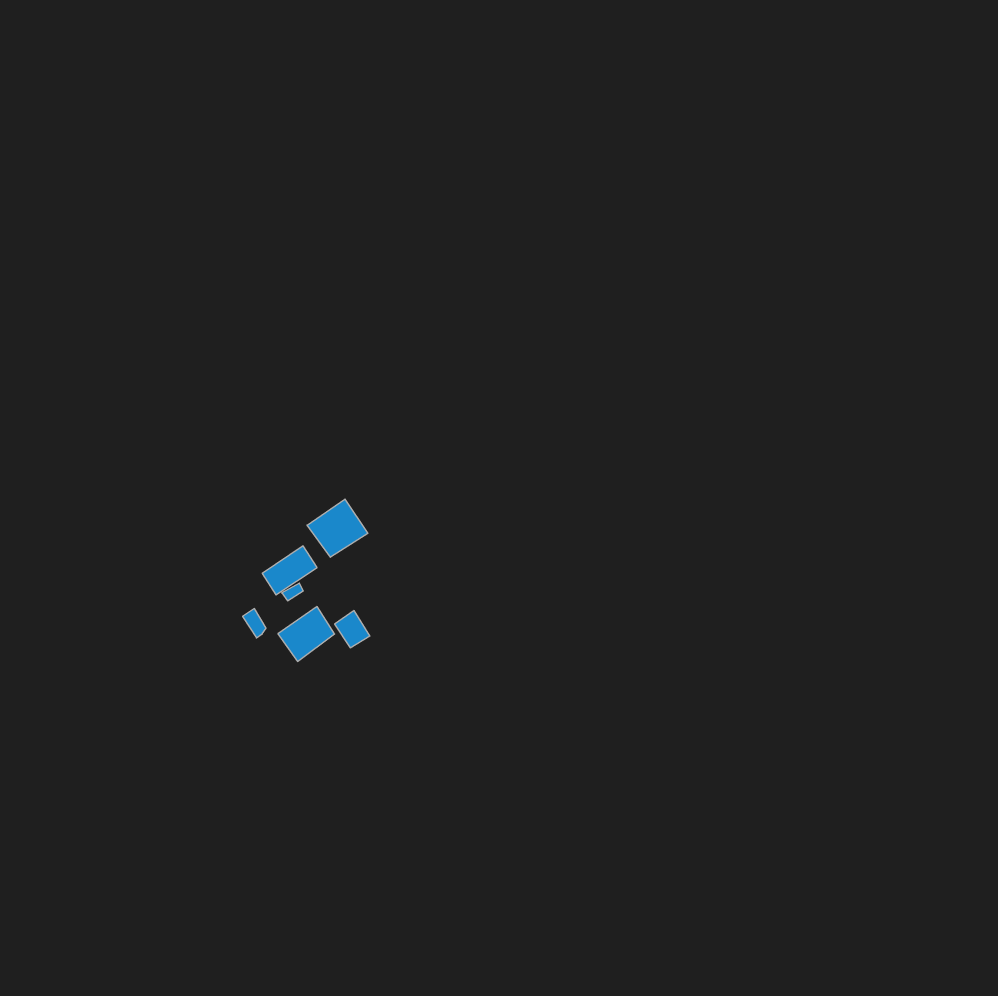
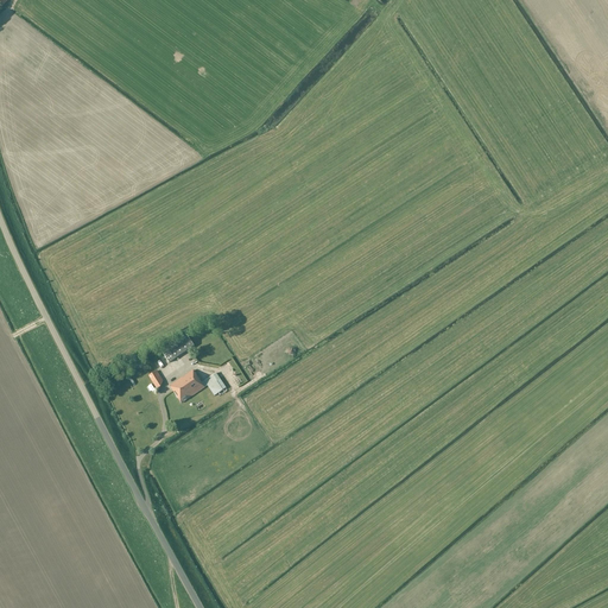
building: [307,499,368,557] -> none

